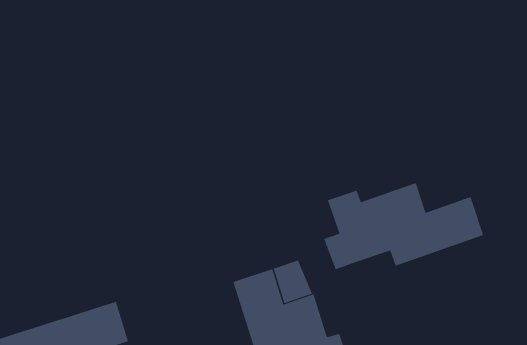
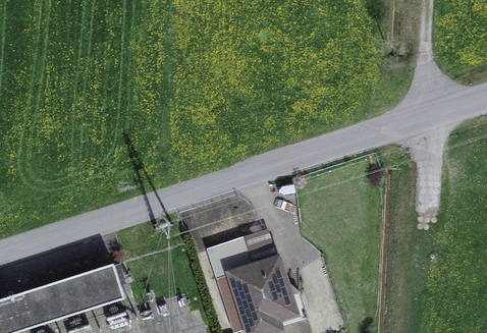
building: [323,182,484,270] -> none

